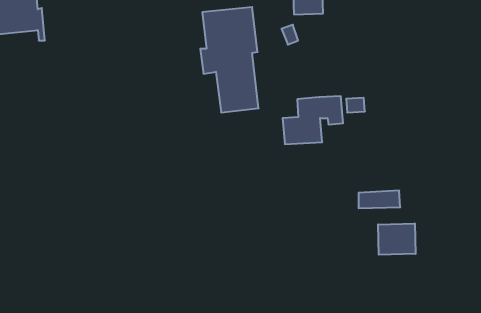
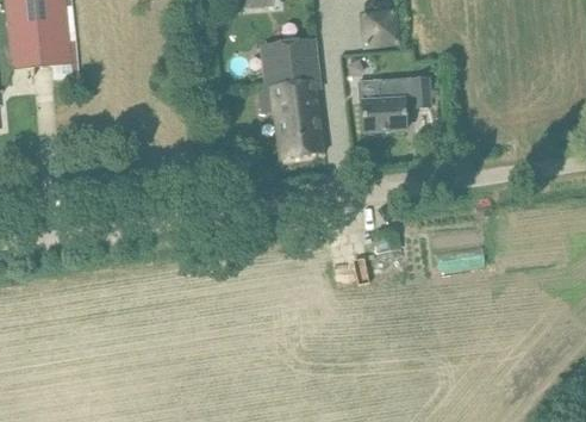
building: [283,96,343,144] -> [361,74,430,129]
building: [378,223,416,255] -> none

